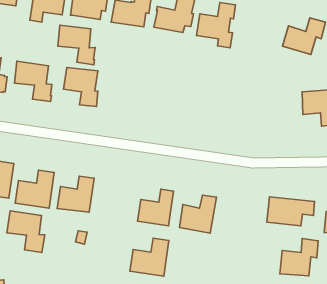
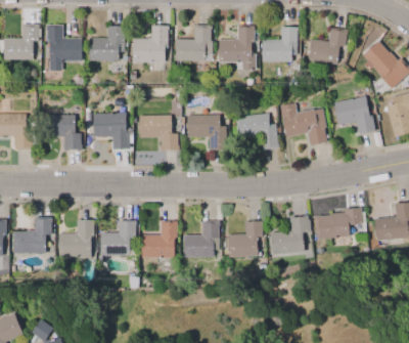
building: none -> [262,27,297,61]
building: [58,25,95,65] -> [138,115,178,151]
building: none -> [186,115,226,151]
building: none -> [279,103,326,145]
building: none -> [236,113,278,149]
building: [7,211,45,253] -> none
building: [130,238,169,276] -> [145,221,180,258]
building: [280,238,318,276] -> [274,217,310,256]

